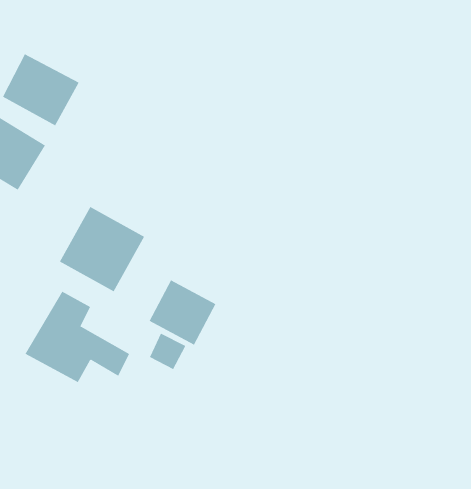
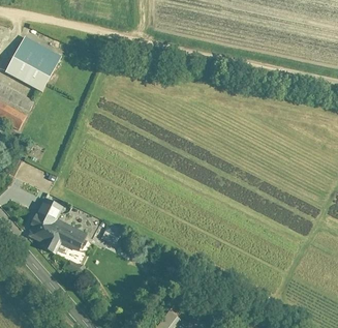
building: [59,206,145,292] -> none
building: [149,280,216,345] -> none

